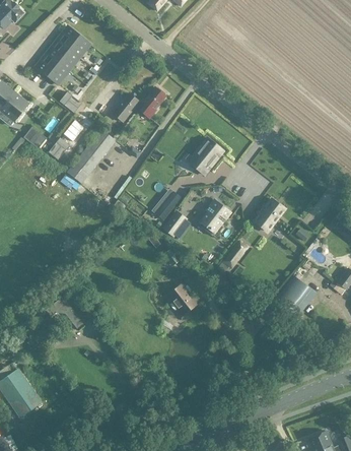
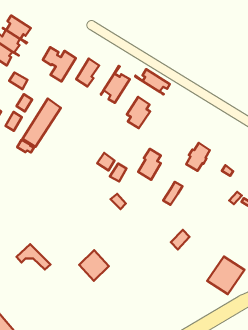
building: none -> [101,66,130,103]
building: none -> [135,69,170,94]
building: [272,274,317,319] -> [207,256,244,294]
building: [165,281,200,317] -> [79,250,109,281]

